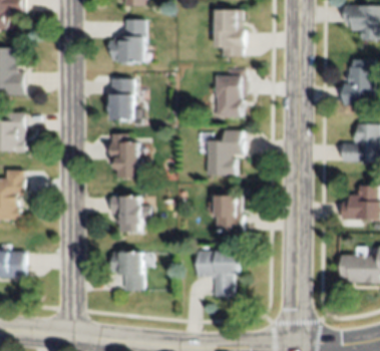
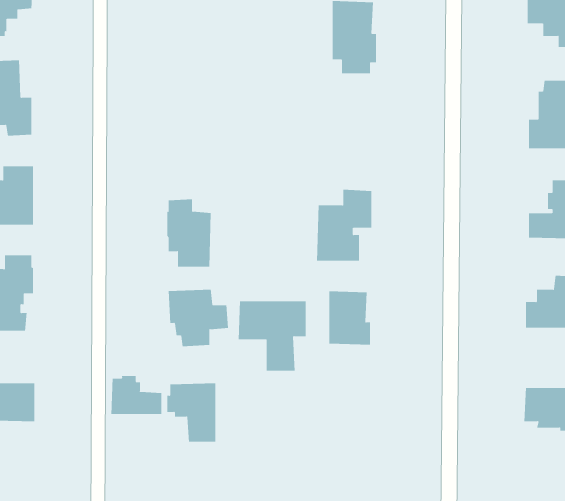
building: [108,20,145,63] -> none
building: [215,68,245,116] -> none
building: [109,79,134,120] -> none
building: none -> [111,375,162,415]
building: [195,252,239,297] -> [238,301,306,371]

